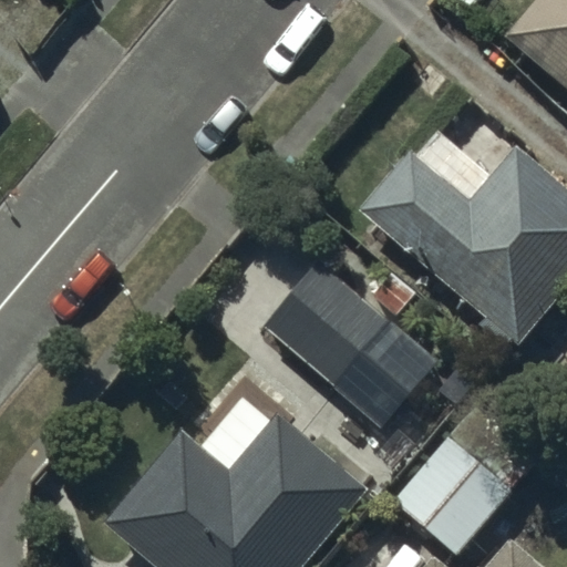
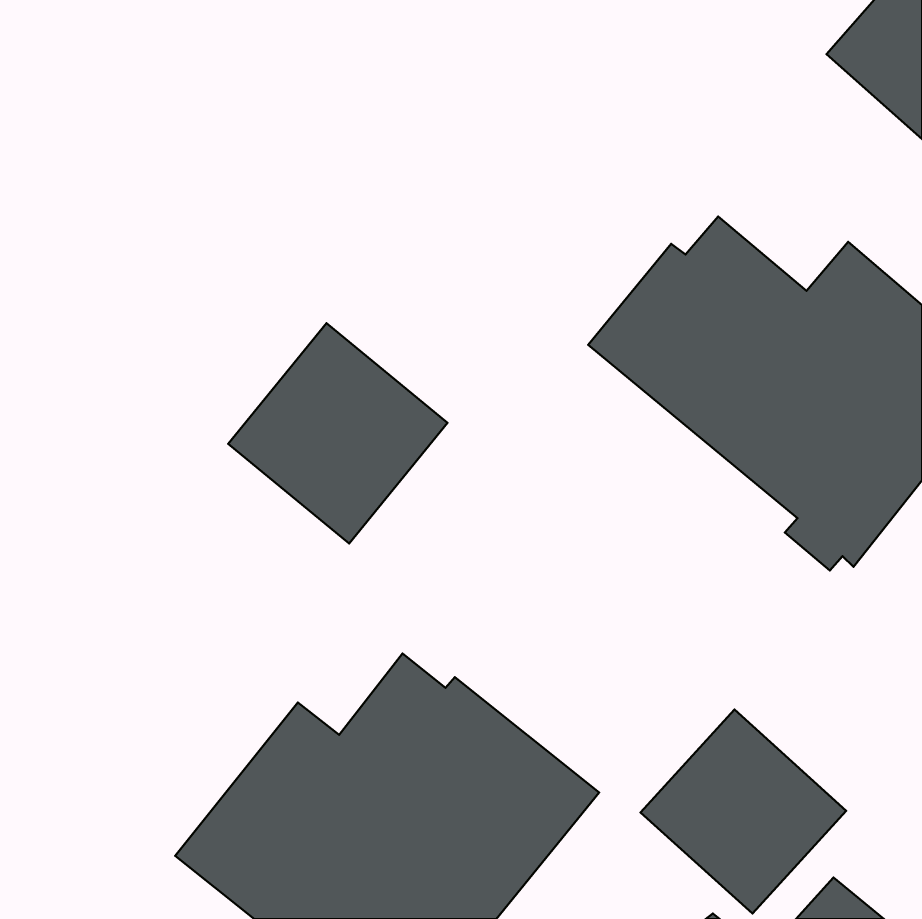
building: none -> [228,323,447,544]
building: [268,266,390,386] -> none

